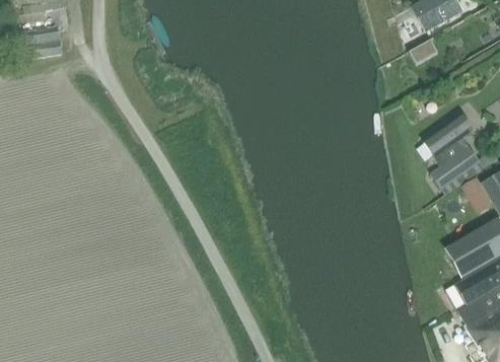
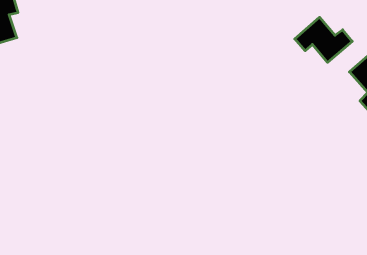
building: none -> [295,17,352,62]

